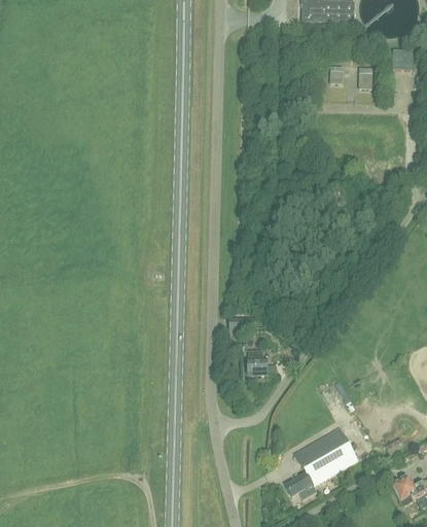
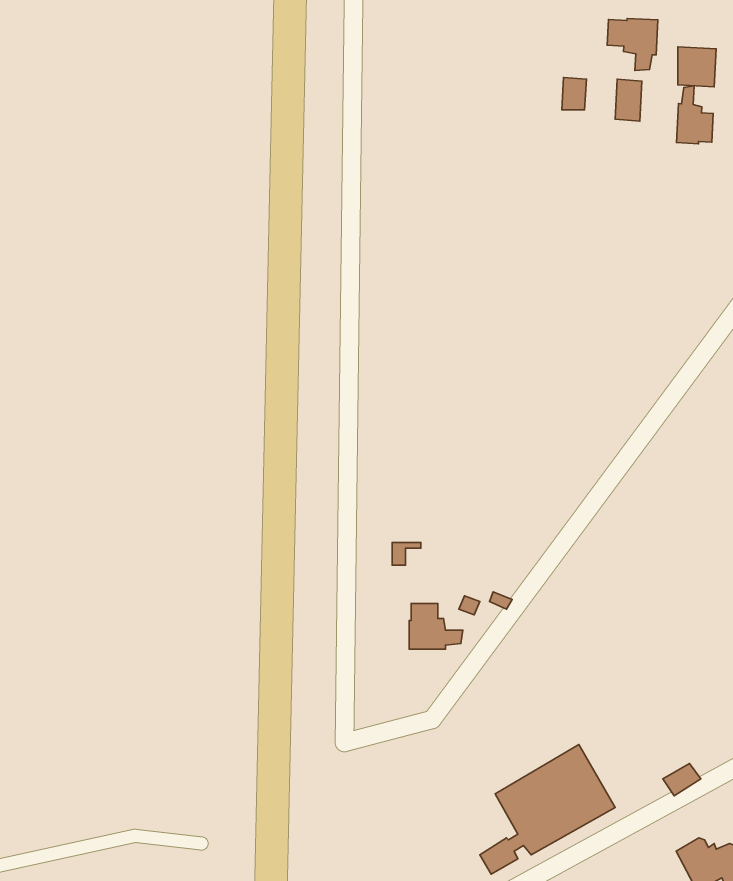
building: none -> [607,19,658,71]
building: none -> [677,86,713,144]

